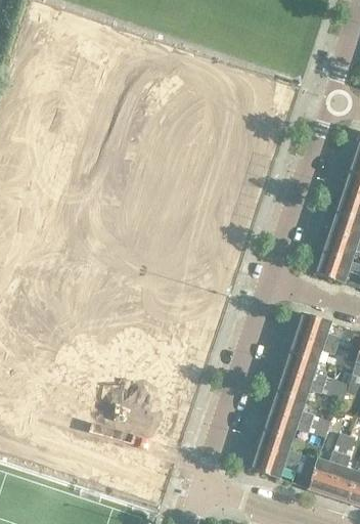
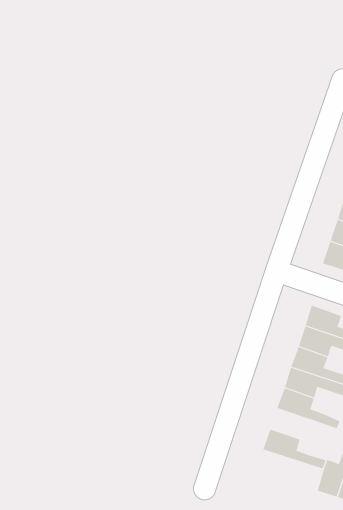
building: [266,408,329,438] -> none
building: [253,447,316,477] -> none

